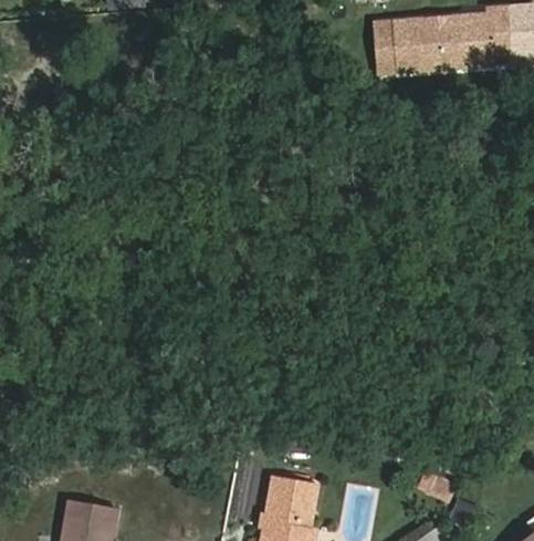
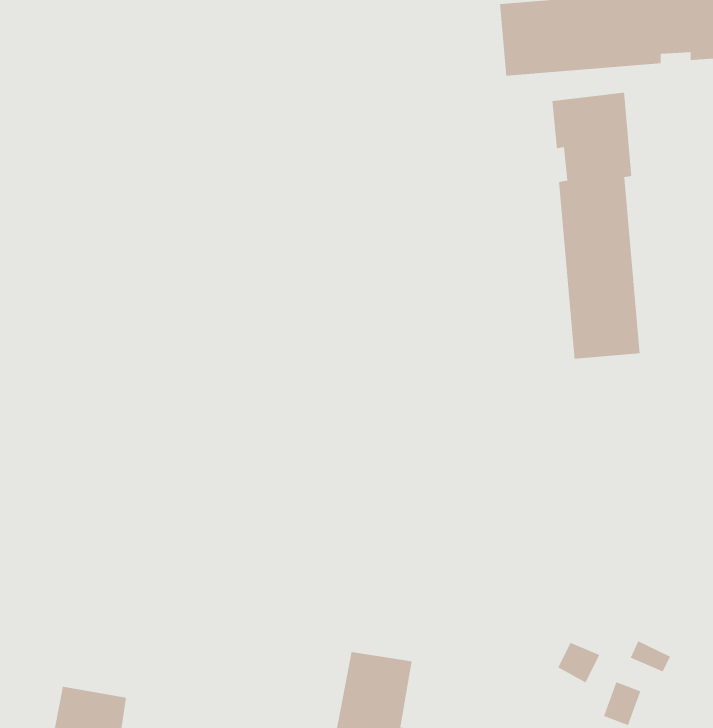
building: none -> [552,92,640,359]

